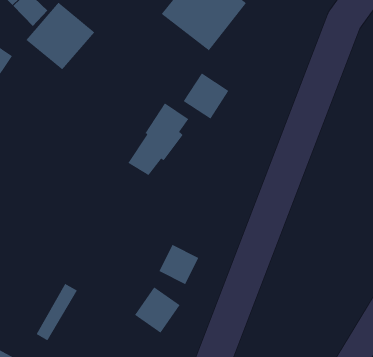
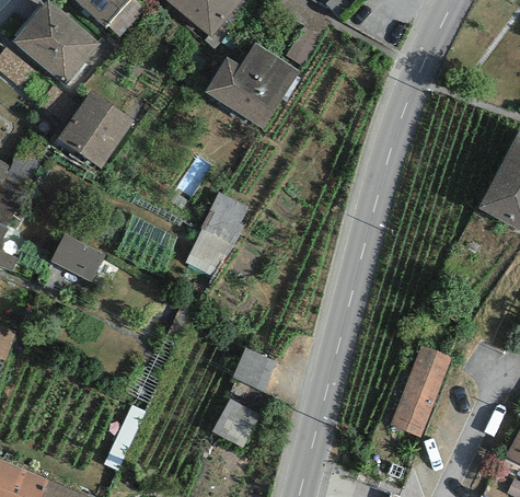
building: [183,73,229,120] -> none
building: none -> [50,233,105,282]
building: none -> [391,345,451,438]

